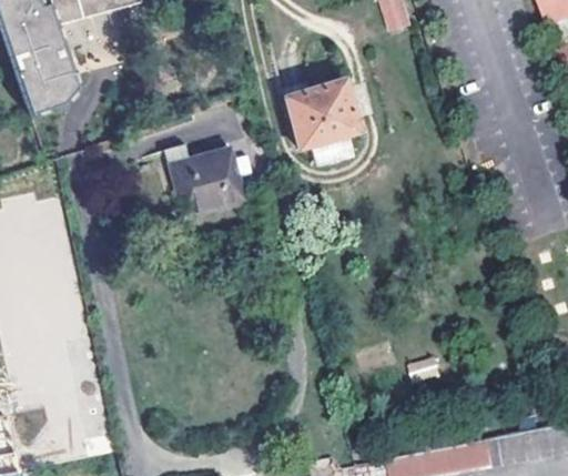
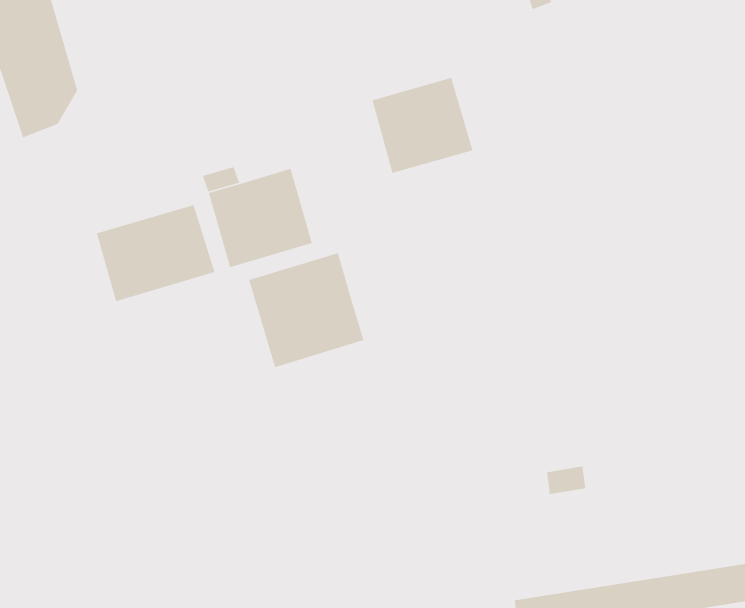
building: none -> [96,204,216,302]
building: none -> [248,252,365,368]

